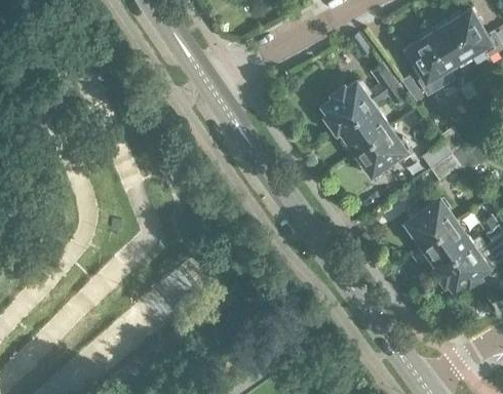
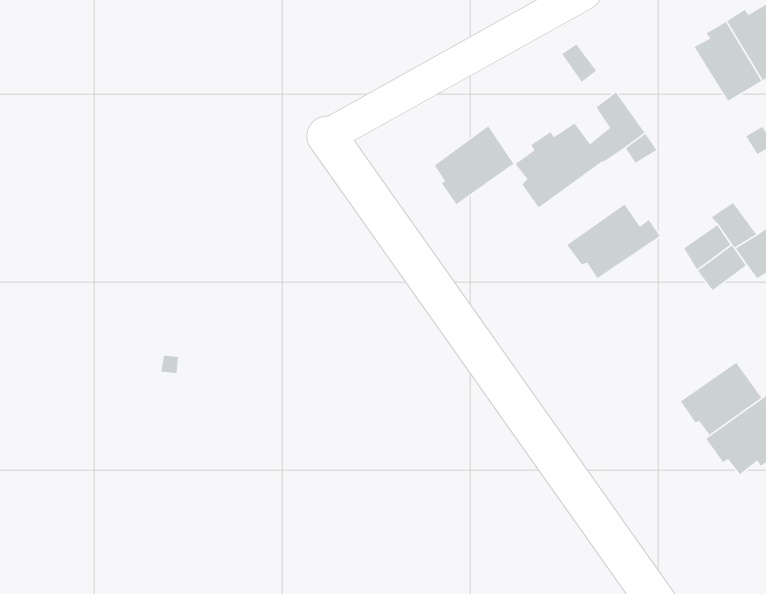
building: [408,36,456,97] -> none
building: [337,106,388,155] -> [429,123,515,205]
building: [408,197,455,248] -> none

